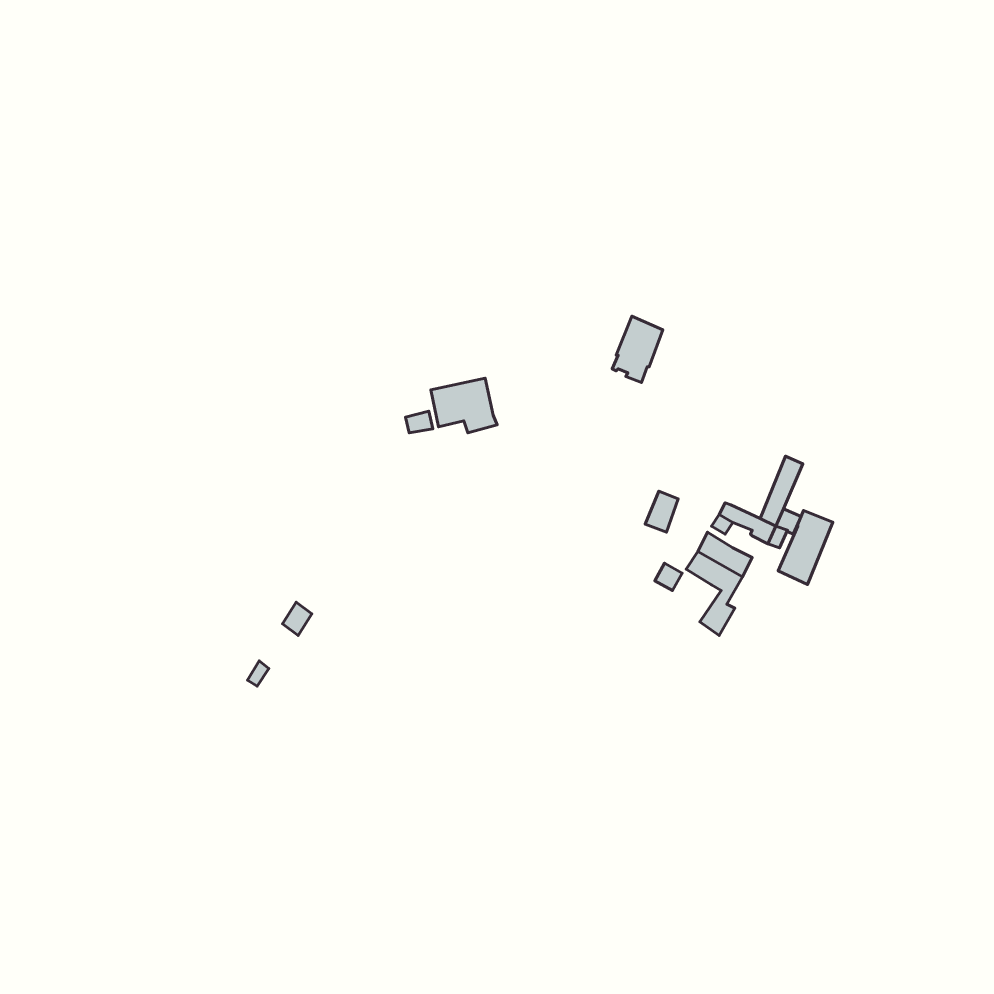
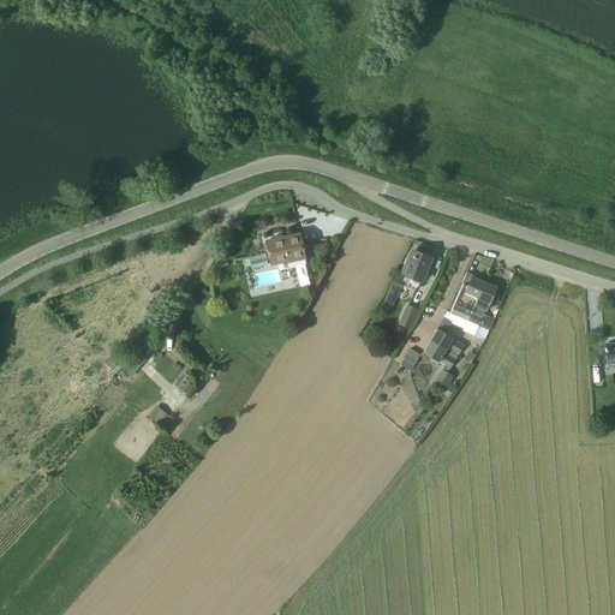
building: [612,316,663,382] -> [400,249,431,289]
building: [778,510,833,585] -> [452,274,485,320]

